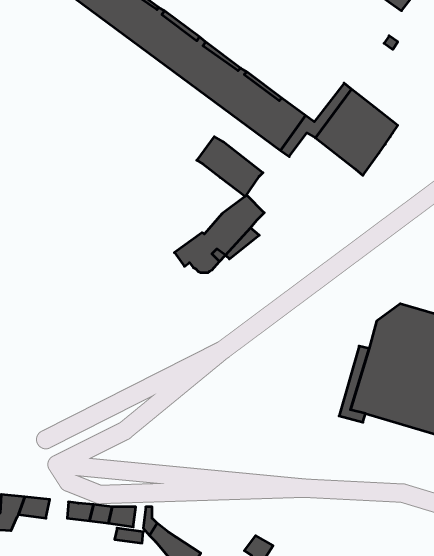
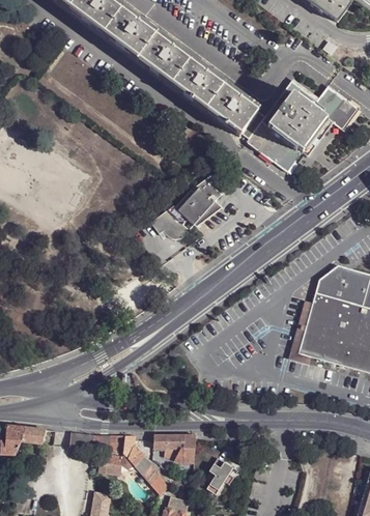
building: none -> [317,86,358,128]
building: [197,137,263,196] -> [247,122,302,172]
building: none -> [153,433,195,460]

